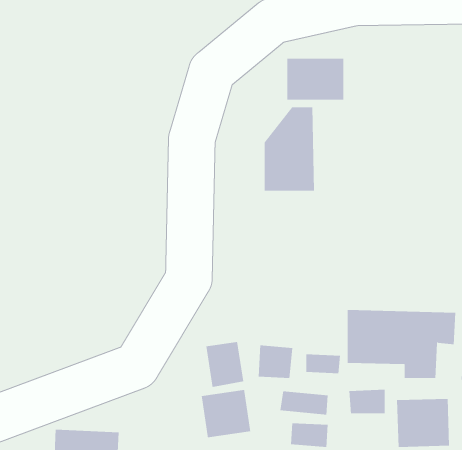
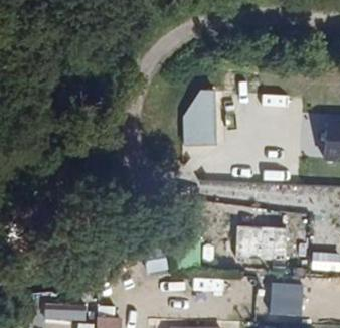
building: [287,58,344,100] -> none
building: [201,389,251,438] -> none

